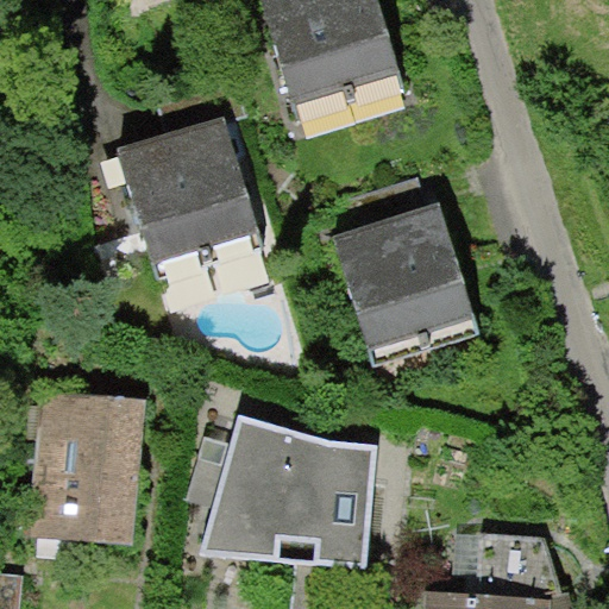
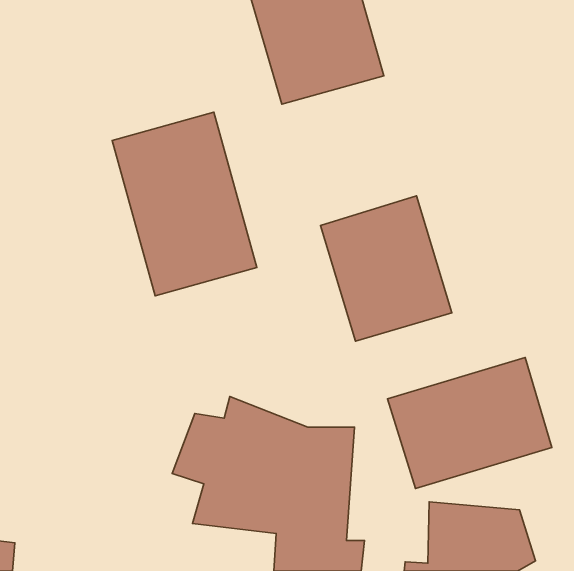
building: none -> [388,357,552,488]
building: [25,391,142,542] -> none

